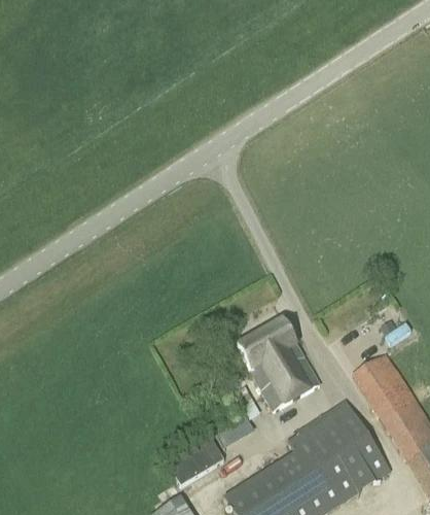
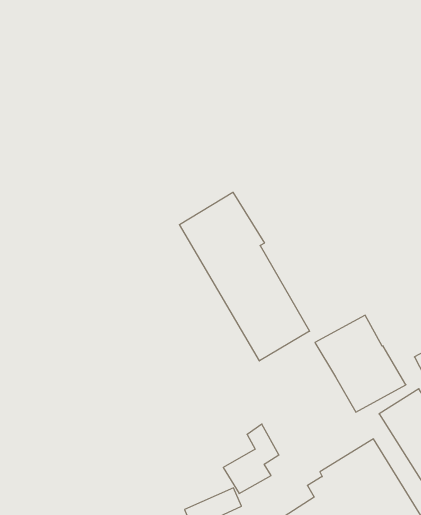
building: none -> [179,192,310,361]
building: [237,321,319,409] -> [315,315,406,412]

